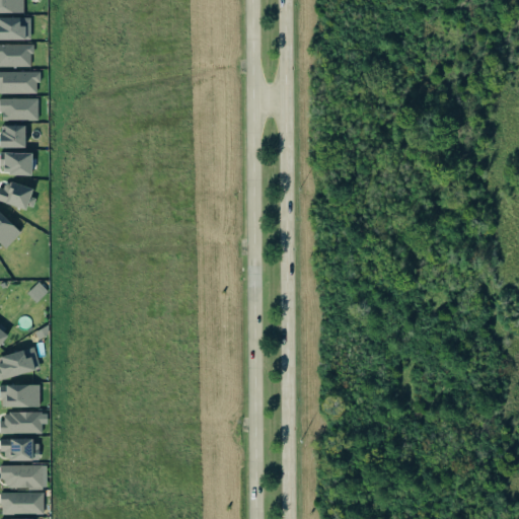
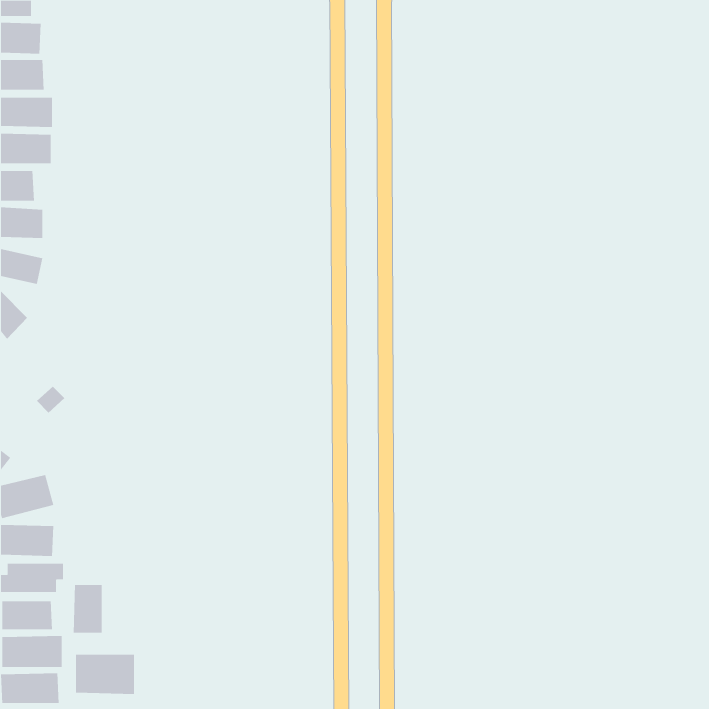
building: none -> [73,584,102,634]
building: none -> [75,654,135,695]

